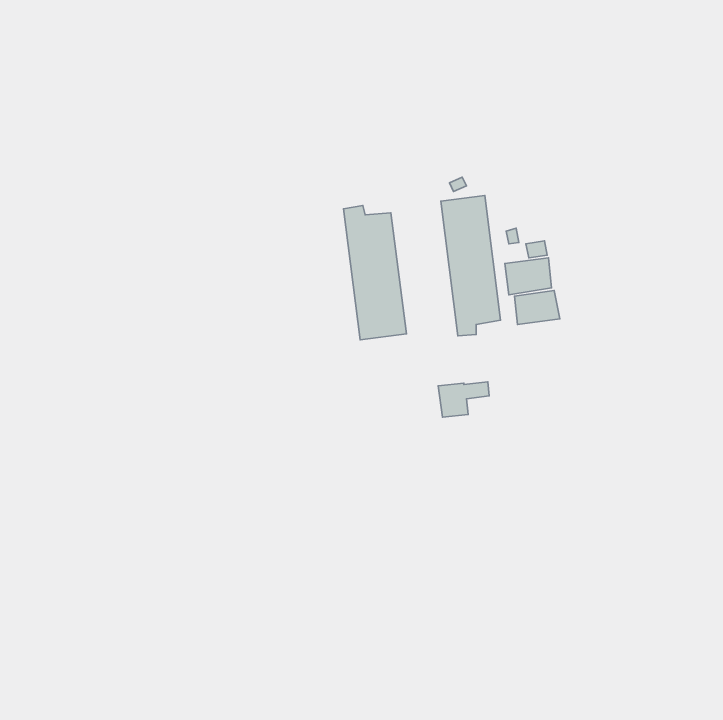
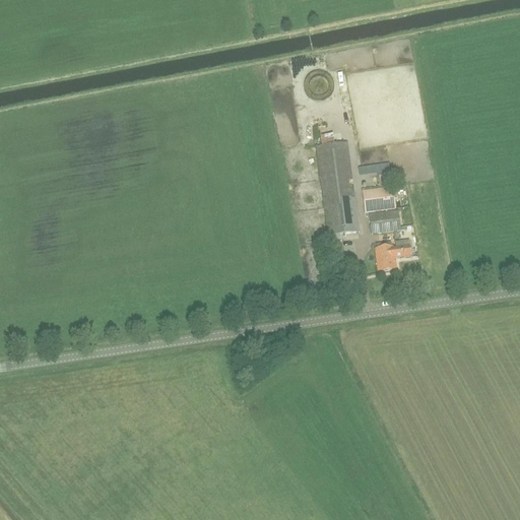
building: [344,205,406,340] -> none
building: [438,382,489,417] -> [376,244,412,269]

